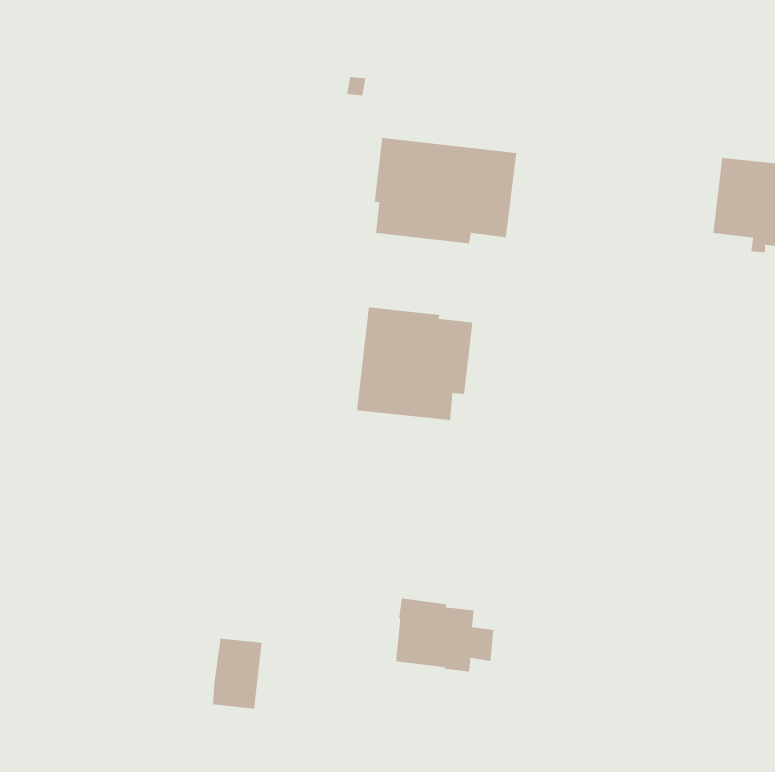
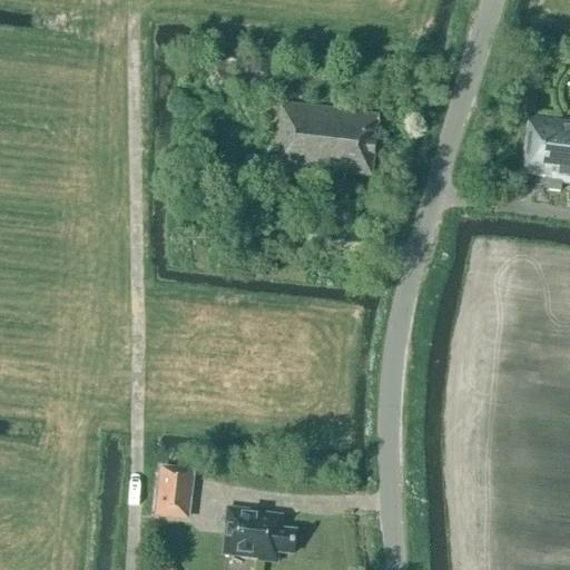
building: [356,307,473,421] -> none
building: [395,598,494,672] -> [225,504,297,559]

